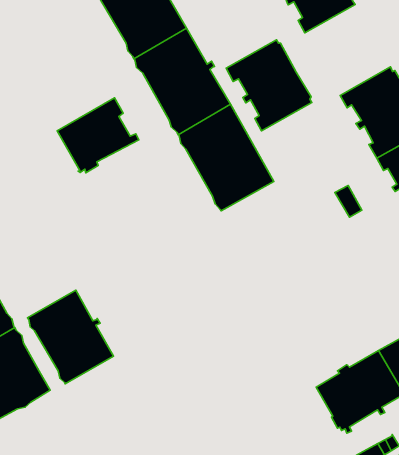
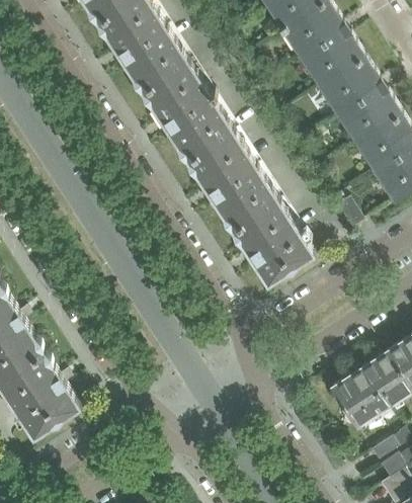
building: [226,40,312,131] -> [301,29,383,115]
building: [57,98,139,173] -> none
building: none -> [232,199,315,284]
building: [27,290,113,384] -> none

